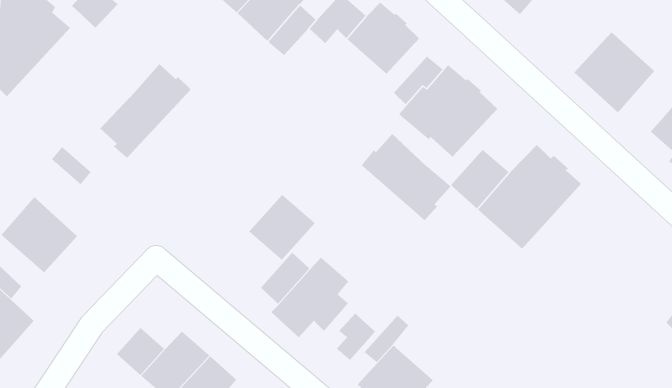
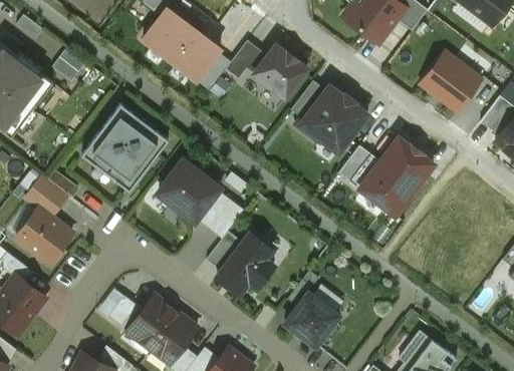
building: none -> [102,120,168,192]
building: [361,133,451,221] -> none
building: none -> [157,161,218,221]
building: none -> [24,176,66,218]
building: [336,313,376,361] -> none

